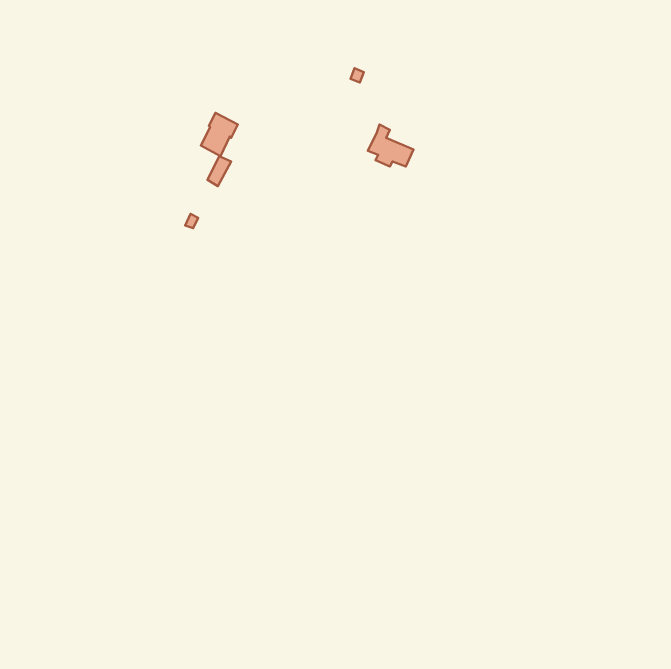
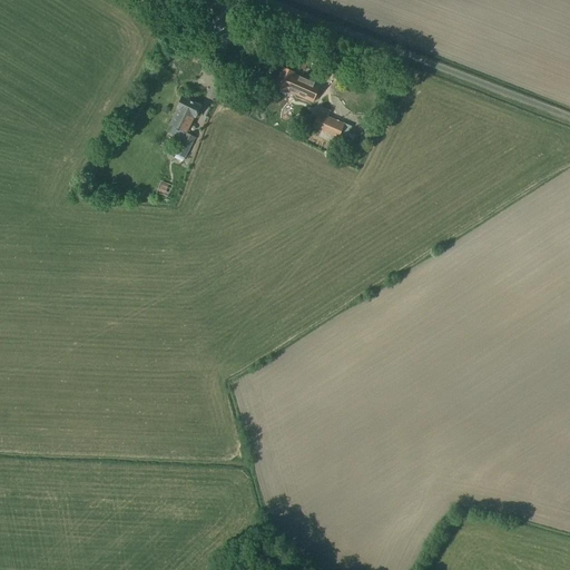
building: none -> [275,67,321,101]

